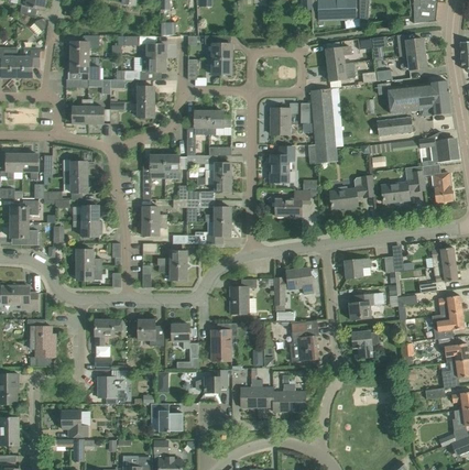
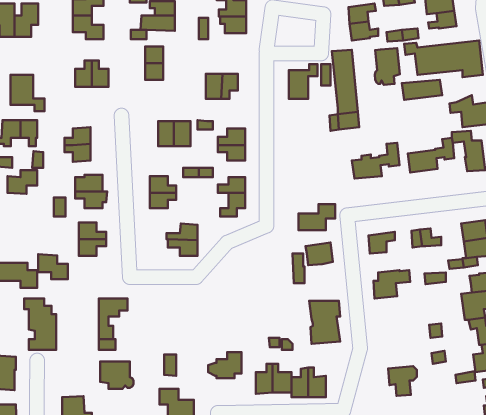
building: none -> [375,48,400,85]
building: none -> [10,75,45,111]
building: [270,146,293,182] -> none
building: [275,190,309,215] -> [298,204,335,230]
building: [10,221,37,244] -> [38,254,68,279]
building: [230,278,257,314] -> none
building: [138,319,163,346] -> none
building: [172,321,198,357] -> none
building: [211,329,231,361] -> none
building: [351,330,378,358] -> [388,366,417,396]

